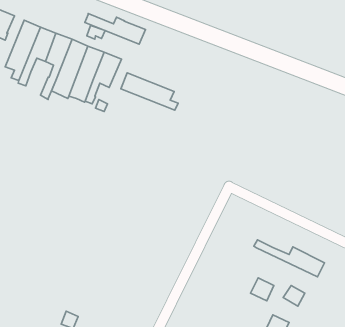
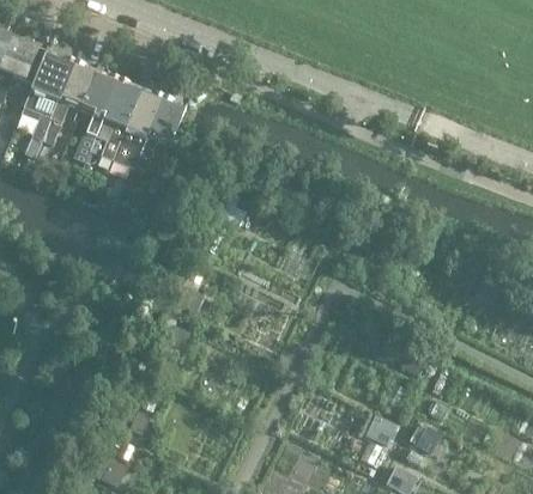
building: [85,13,146,44] -> none
building: [121,73,178,110] -> none
building: [254,240,324,277] -> none

